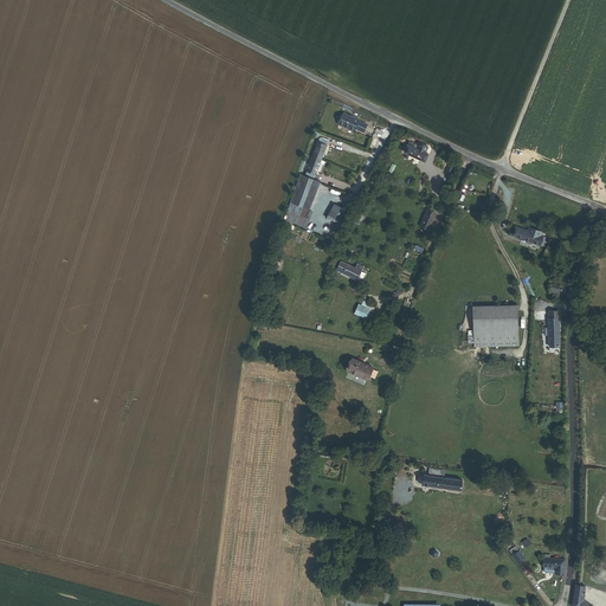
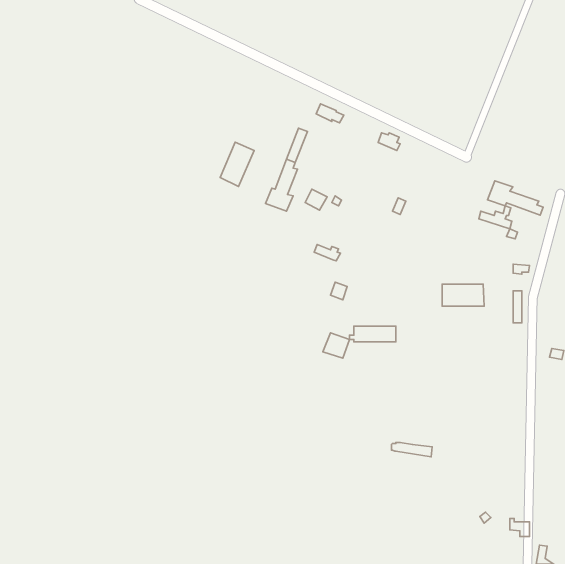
building: none -> [220,142,254,186]
building: none -> [487,181,543,215]
building: [469,328,518,344] -> [349,326,396,342]

